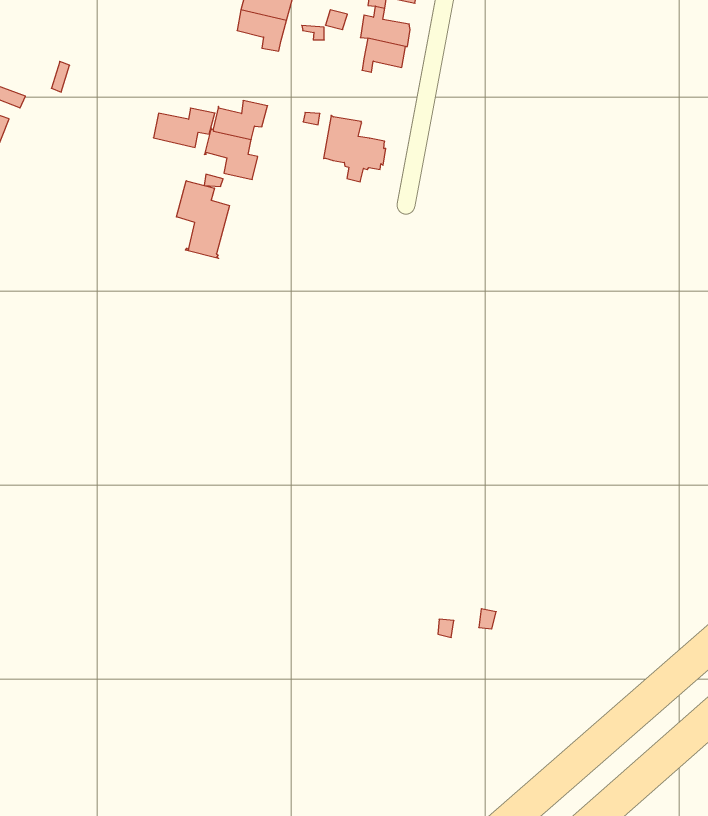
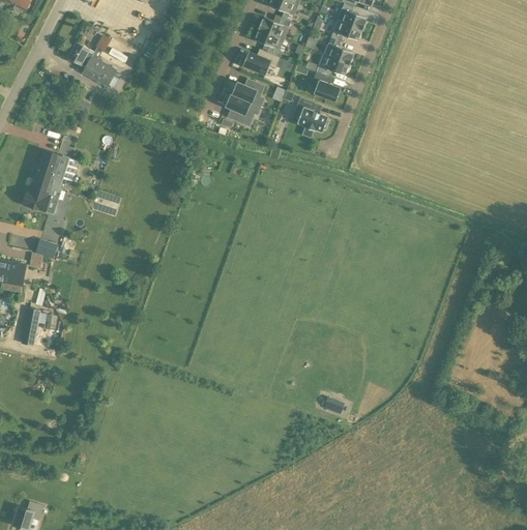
building: none -> [313,72,342,104]
building: [153,108,215,147] -> [243,52,281,75]
building: [176,181,229,258] -> none

